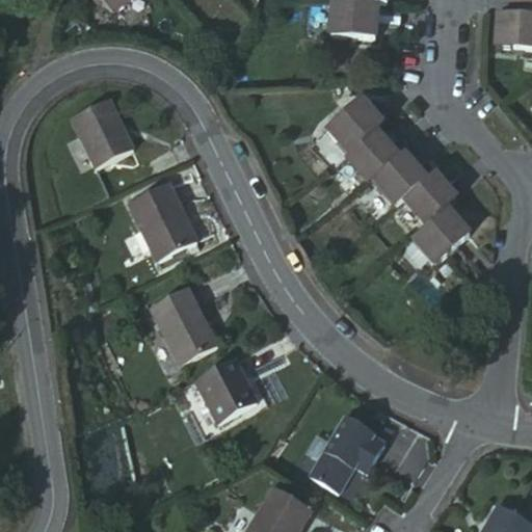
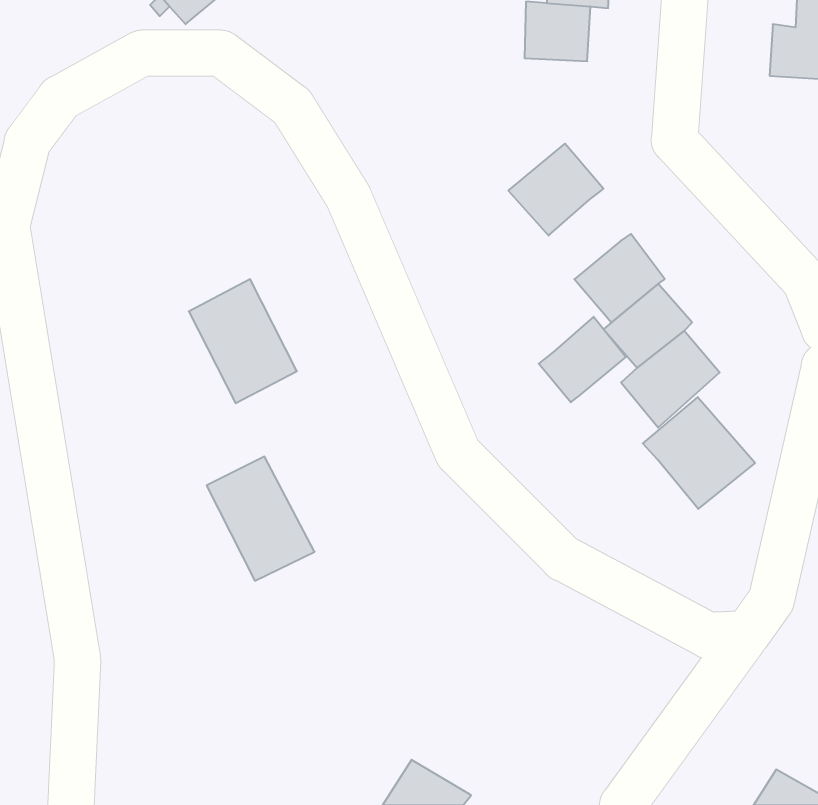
building: [69,94,133,165] -> none
building: [348,129,404,184] -> [539,317,626,402]
building: none -> [643,397,755,509]
building: [194,356,260,424] -> none
building: [315,410,390,487] -> none

